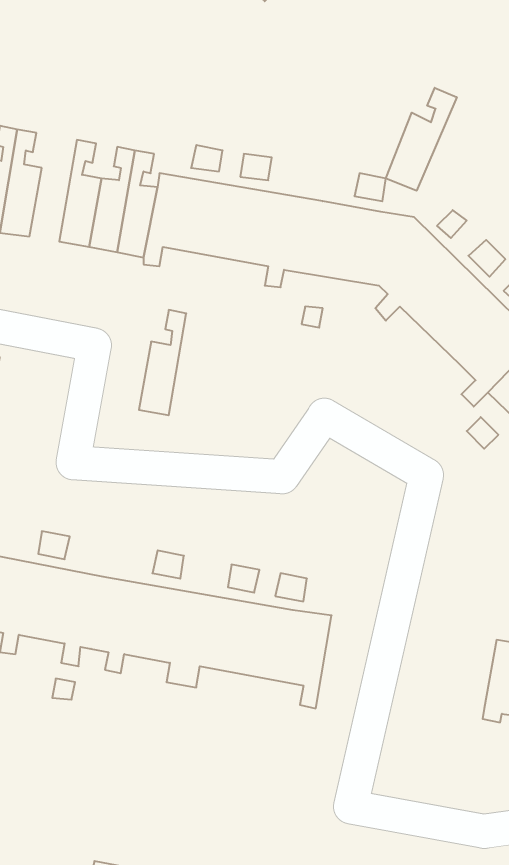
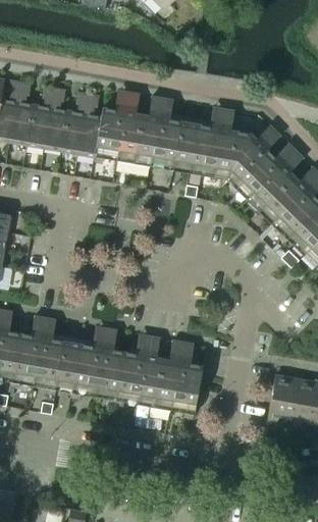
building: [386,88,457,191] -> none
building: [139,310,186,415] -> [28,86,55,147]
building: none -> [268,374,299,422]

